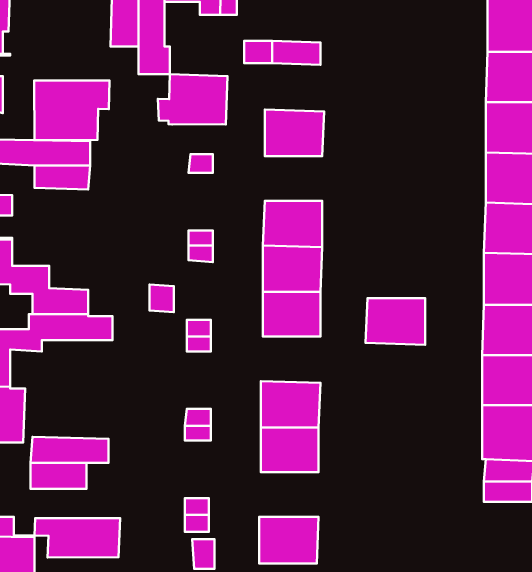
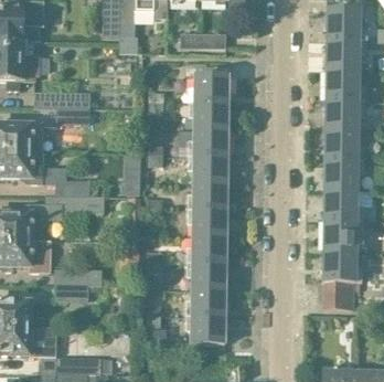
building: [158,74,227,124] -> none
building: [34,81,109,140] -> none
building: none -> [194,102,228,128]
building: [366,298,425,345] -> [192,209,227,236]
building: none -> [191,289,226,316]
building: [34,518,120,557] -> none

